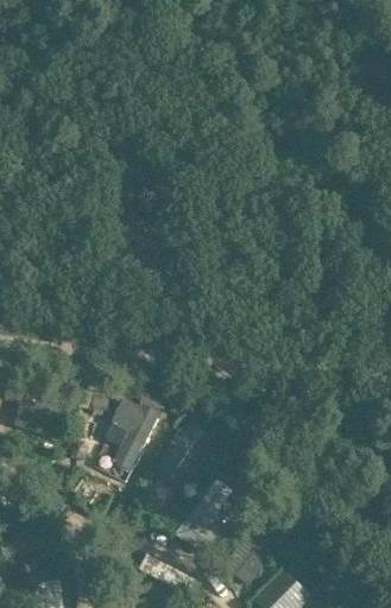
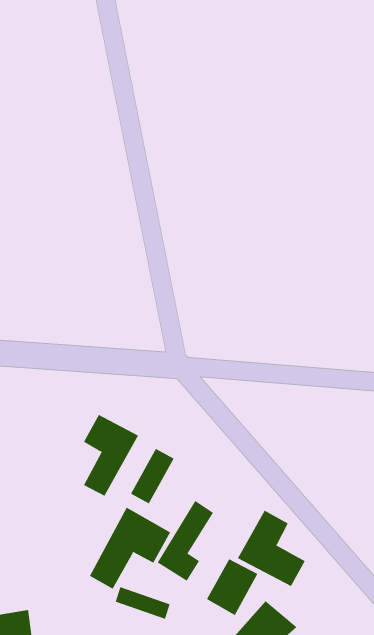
building: none -> [89,507,171,590]
building: none -> [237,510,306,587]

